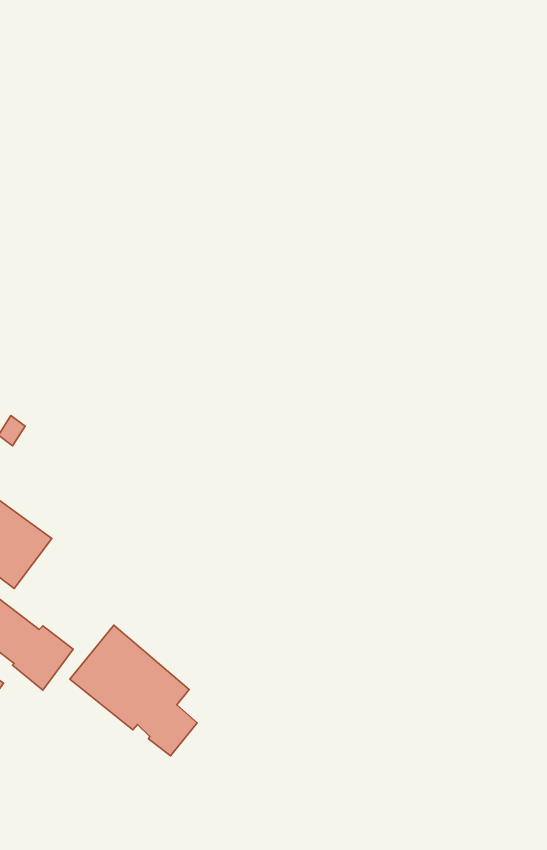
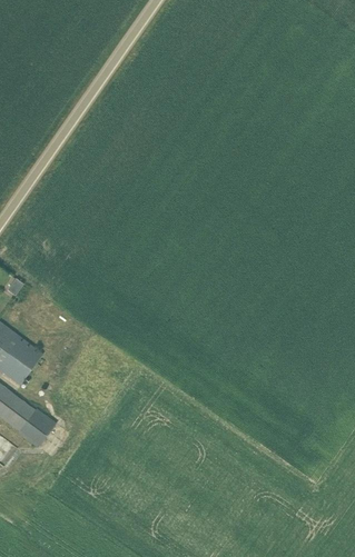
building: [70,625,197,756] -> none

